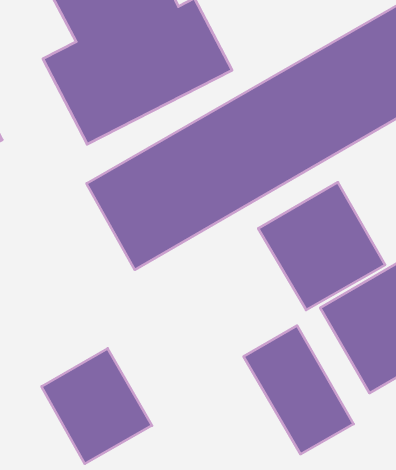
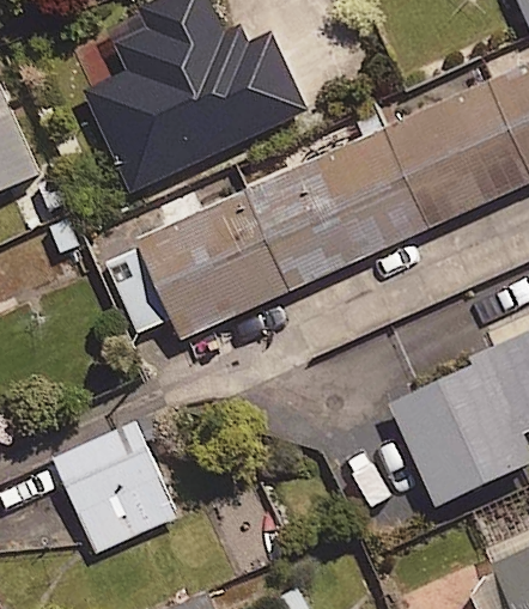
building: [258,182,385,310] -> none
building: [244,326,354,454] -> none

